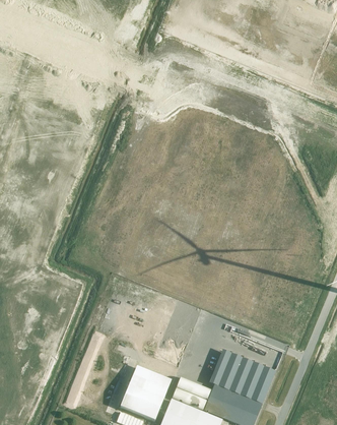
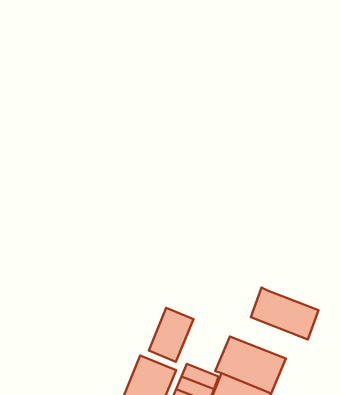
building: none -> [251,288,318,340]
building: none -> [149,308,193,362]

